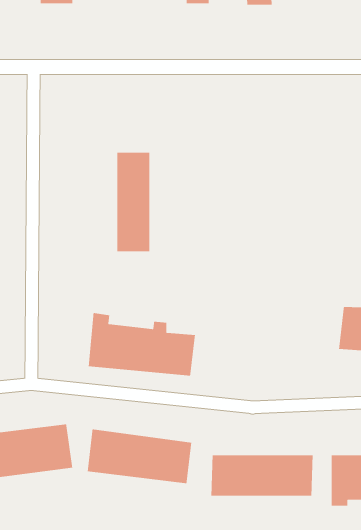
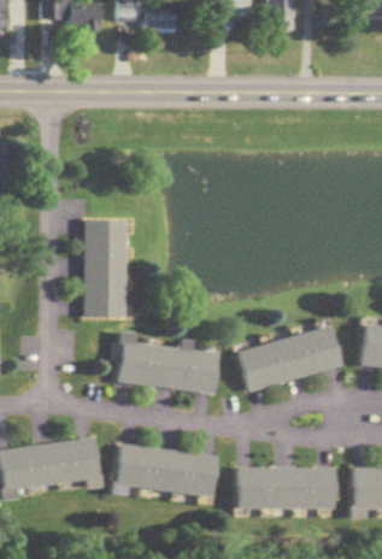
building: [117,152,150,252] -> [89,218,122,316]
building: none -> [234,324,340,389]

